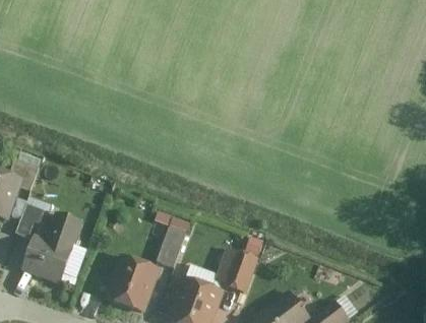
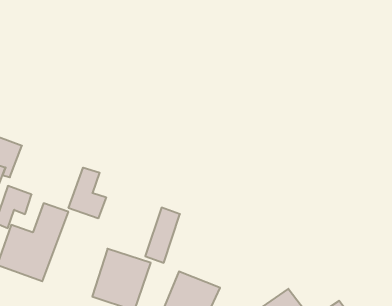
building: none -> [69,168,106,218]
building: [219,248,255,285] -> none

